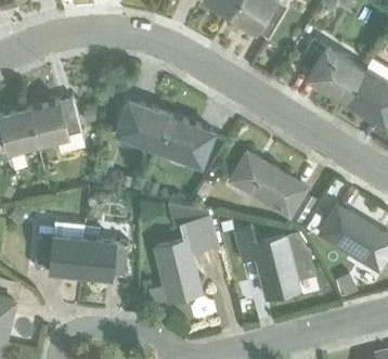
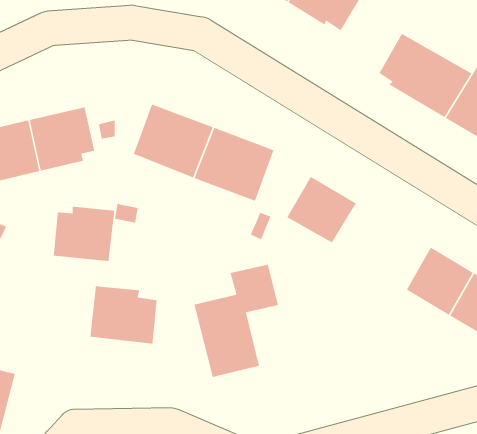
building: [259,167,311,218] -> none
building: [235,223,303,298] -> none
building: [35,226,81,268] -> [53,206,115,262]

